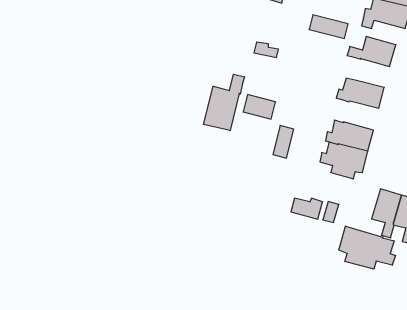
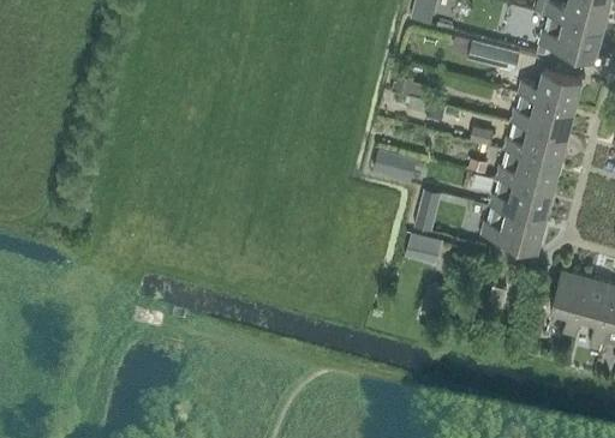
building: none -> [510,95,574,136]
building: [203,74,245,131] -> none
building: none -> [496,151,560,192]
building: [291,198,323,219] -> [405,238,447,265]
building: [339,226,396,269] -> none

